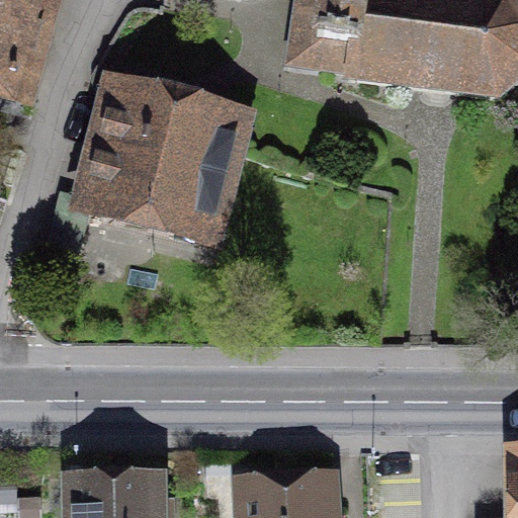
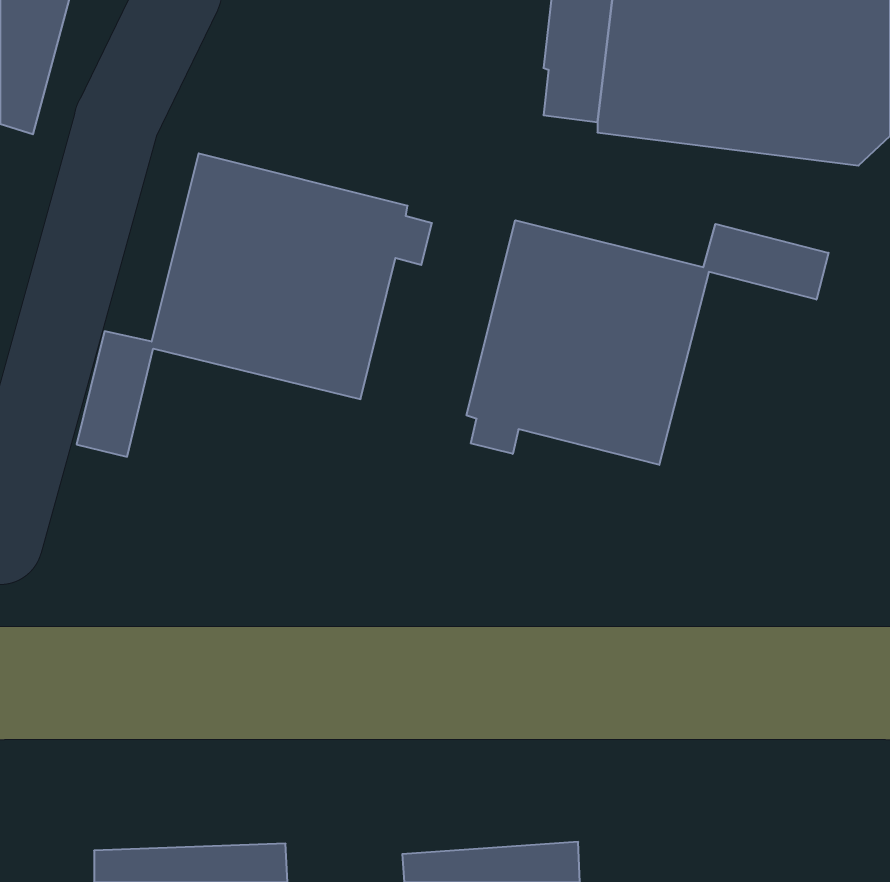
building: none -> [467,220,829,465]

